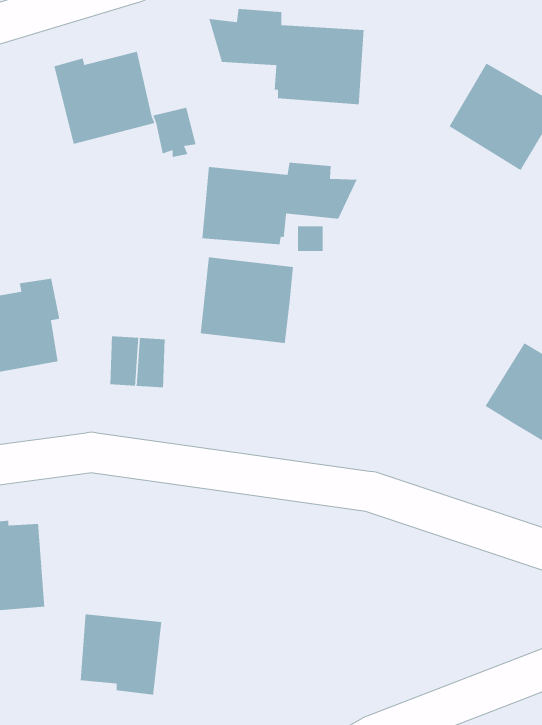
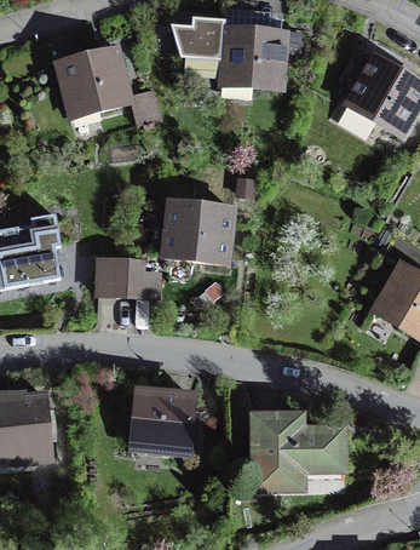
building: [201,162,358,245] -> none
building: none -> [255,417,341,486]
building: [80,613,162,696] -> [133,390,194,451]

